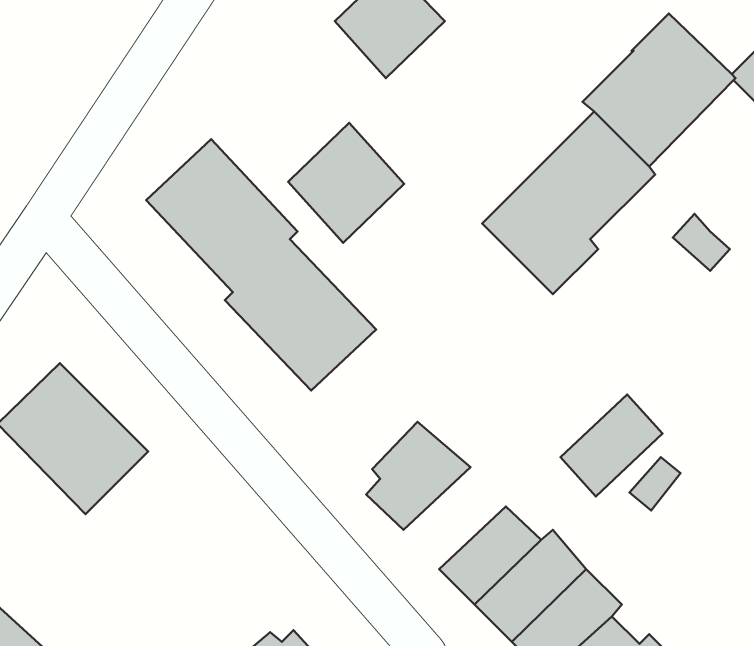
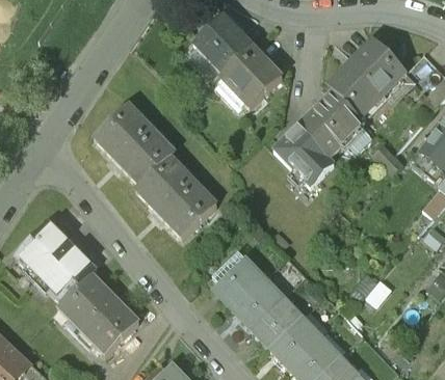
building: [288,123,404,243] -> [221,43,283,106]
building: [560,394,663,496] -> [232,278,286,332]
building: none -> [59,274,139,354]

